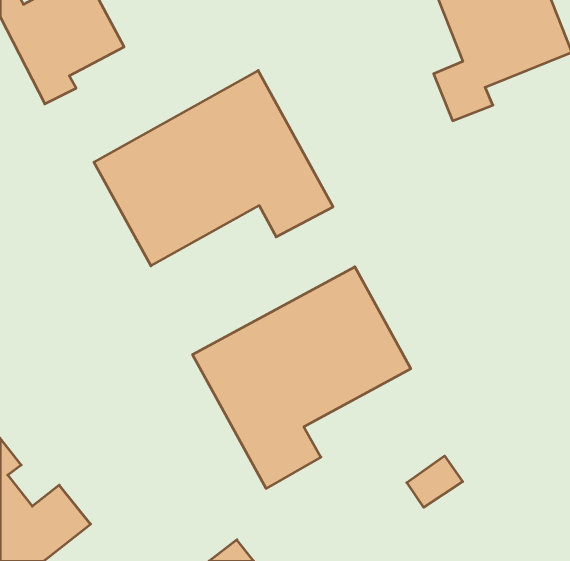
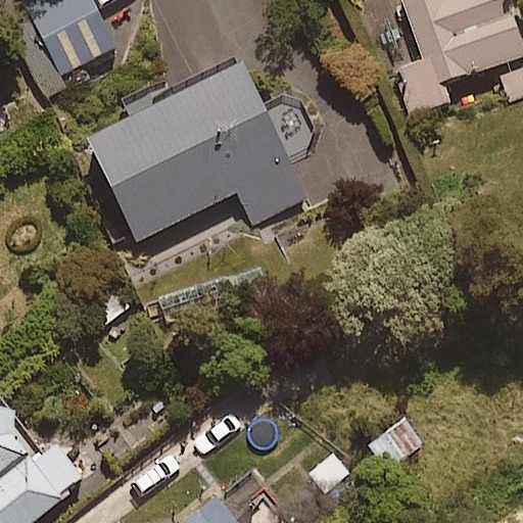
building: [193,267,411,488] -> none

